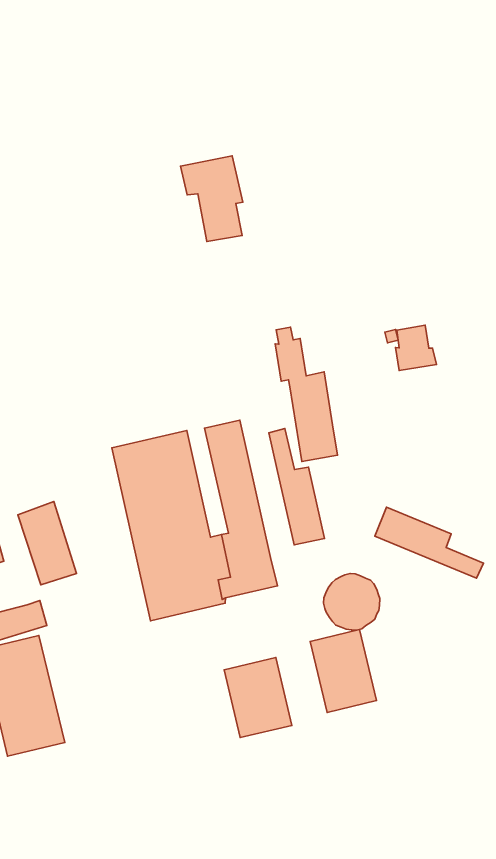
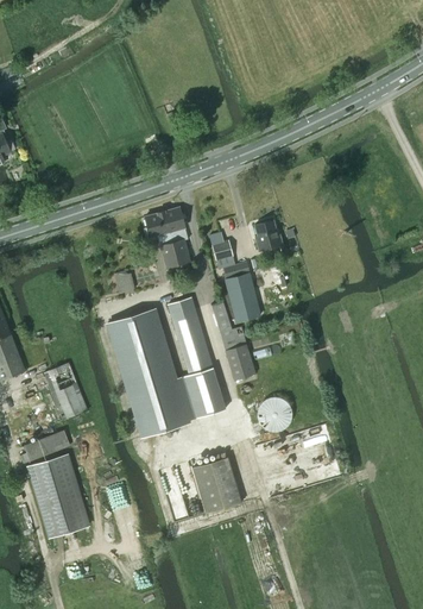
building: [181,156,243,242] -> [144,208,189,268]
building: [396,325,436,371] -> [254,220,283,252]
building: [375,507,483,578] -> none
building: [310,629,377,713] -> none

